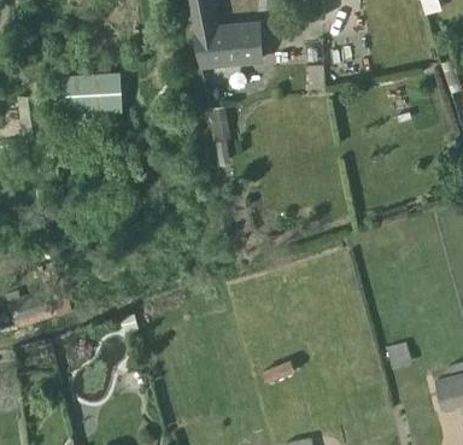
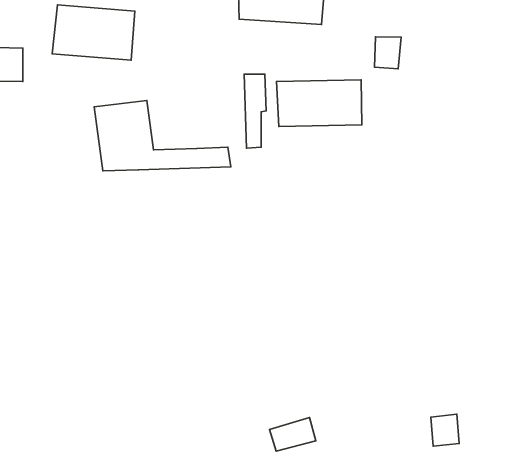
building: none -> [276,80,362,126]
building: none -> [94,101,231,171]

